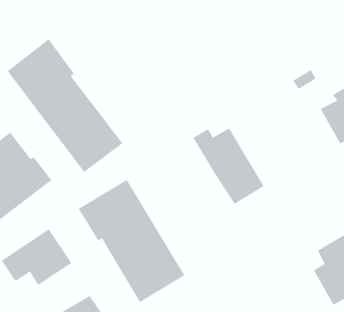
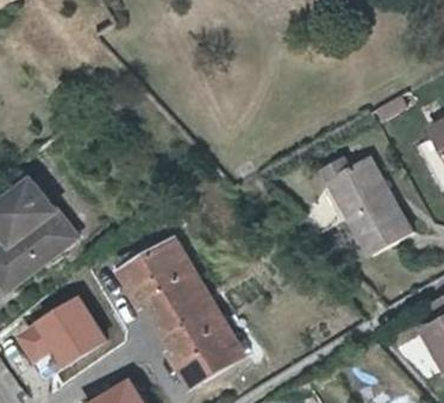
building: [7,39,123,173] -> none
building: [192,127,265,204] -> [319,155,409,251]

